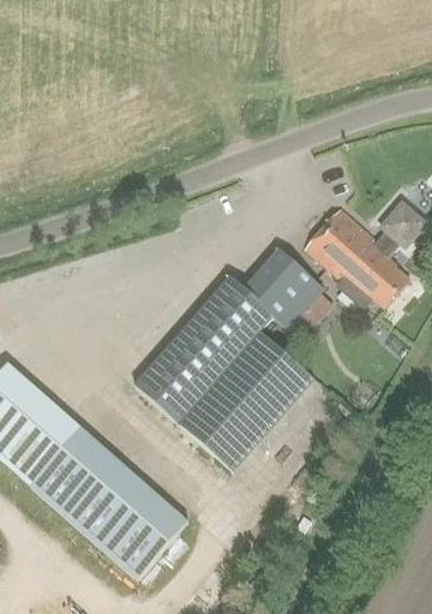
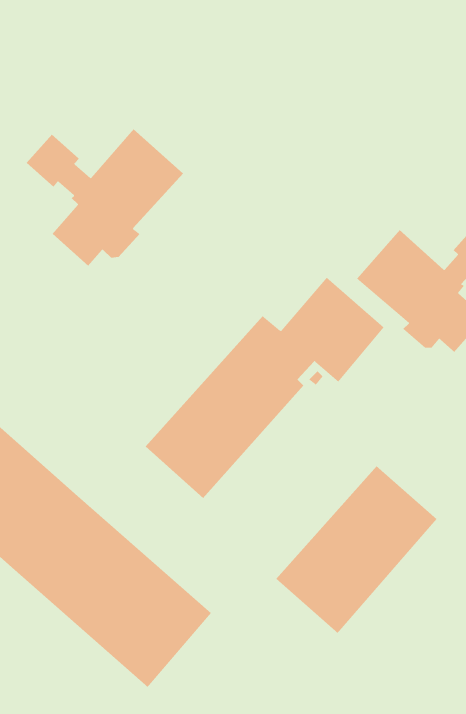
building: none -> [26,128,184,267]
building: [180,335,311,471] -> [275,466,438,634]

